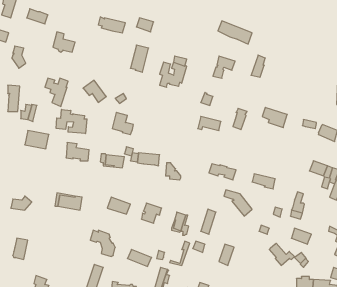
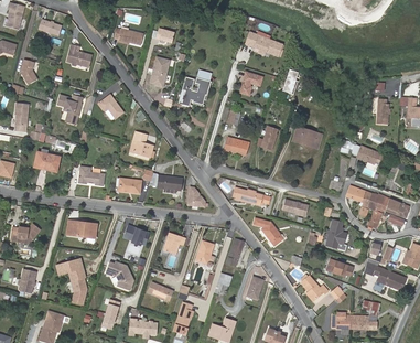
building: [56,109,87,134] -> none
building: none -> [57,257,88,303]

